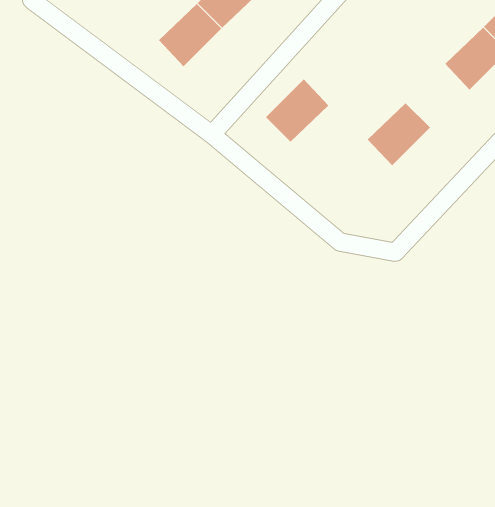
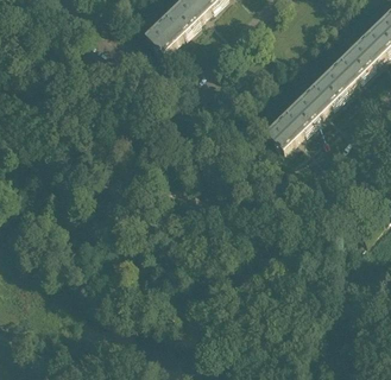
building: none -> [317,51,362,96]
building: [265,78,329,142] -> [263,104,308,150]

